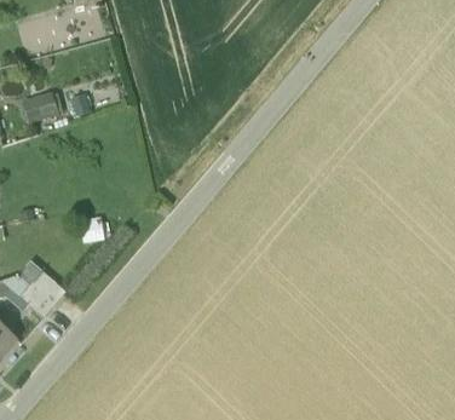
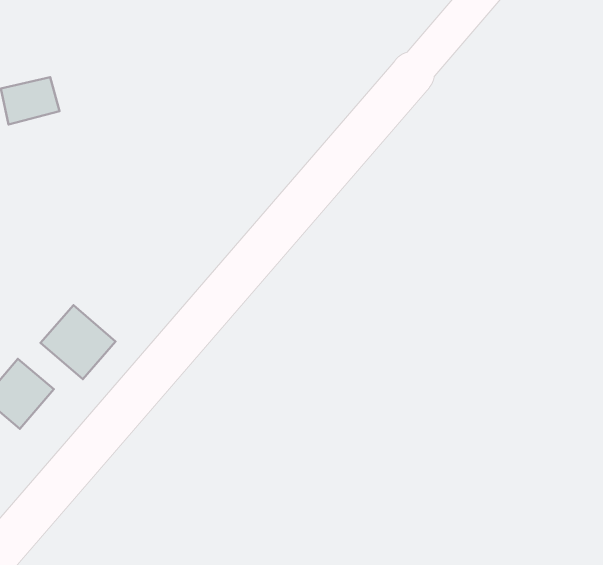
building: none -> [41,305,116,379]

